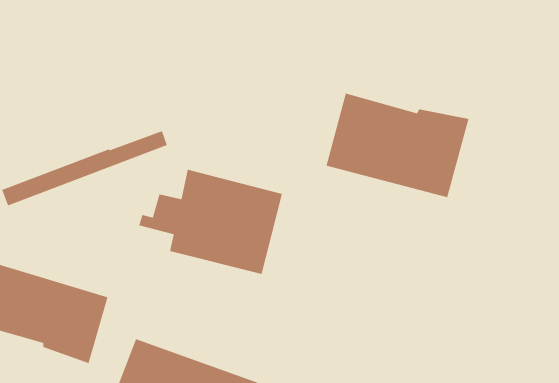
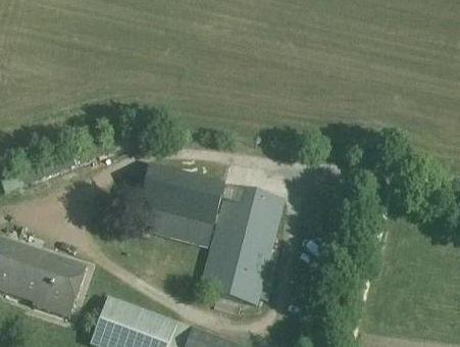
building: [325,92,469,198] -> none
building: none -> [201,183,284,302]

